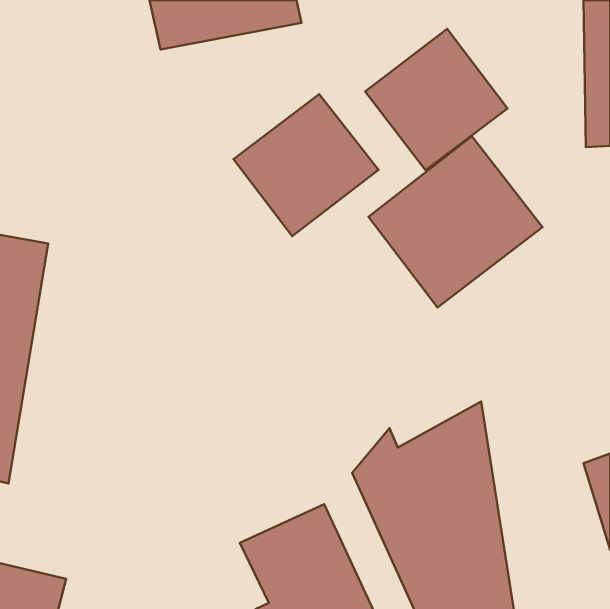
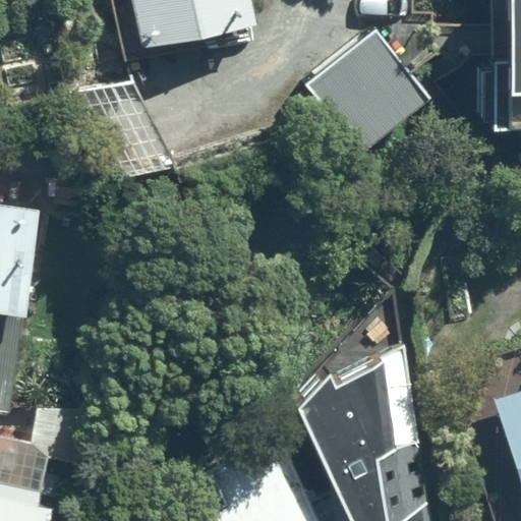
building: [233,94,378,236] -> none
building: [368,136,542,308] -> none

